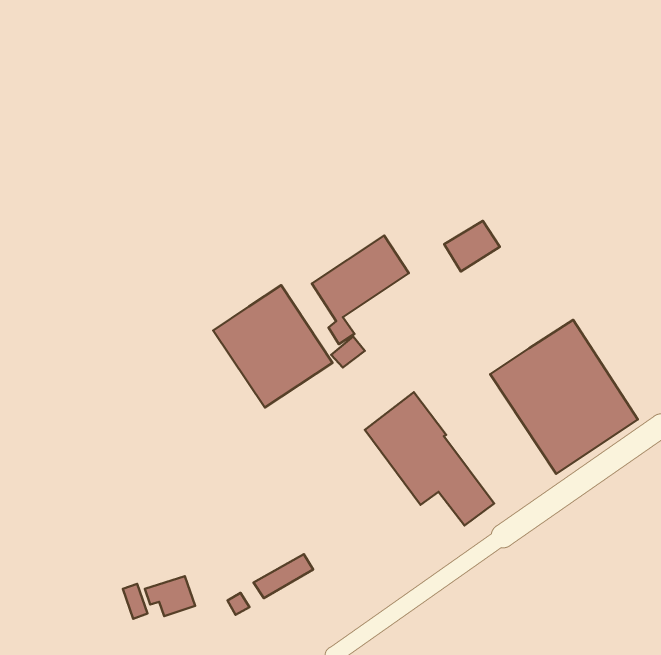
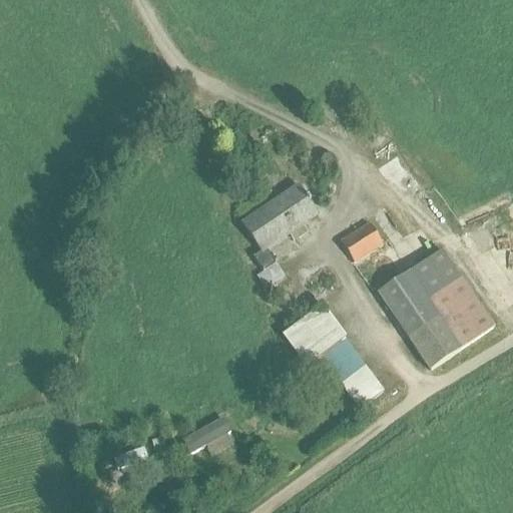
building: [444,221,500,271] -> [342,220,385,260]
building: [213,285,332,407] -> none
building: none -> [180,416,229,453]

